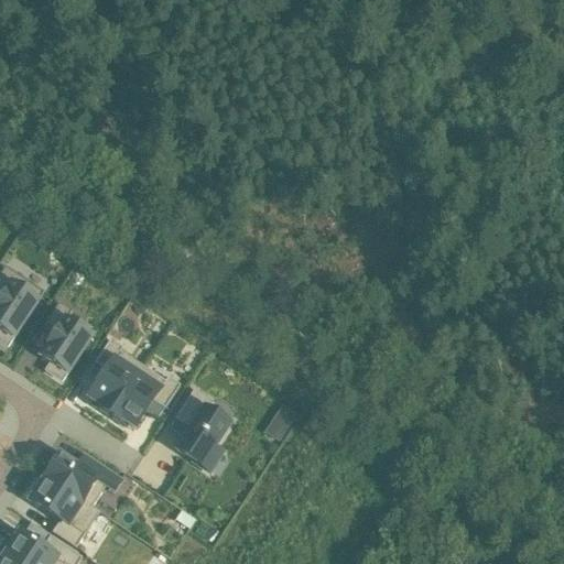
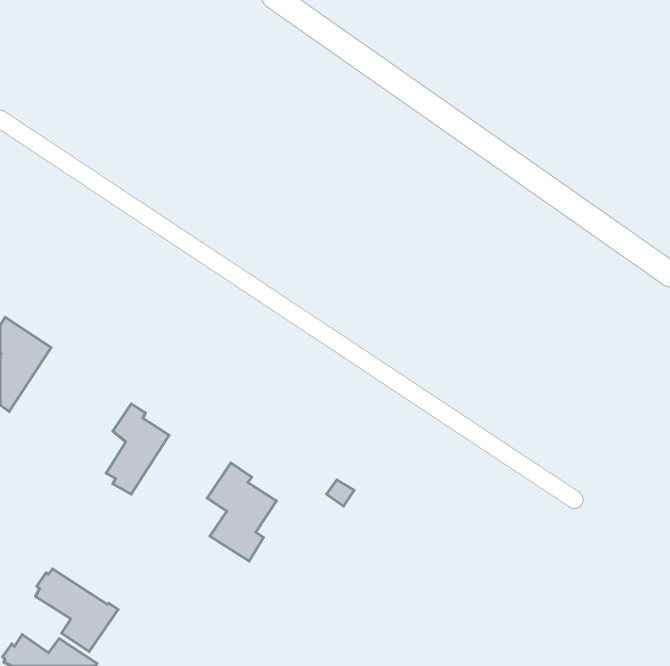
building: [40,302,90,381] -> none
building: [110,366,180,427] -> none
building: [44,455,121,508] -> none

